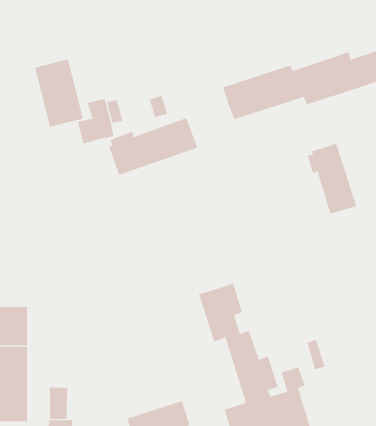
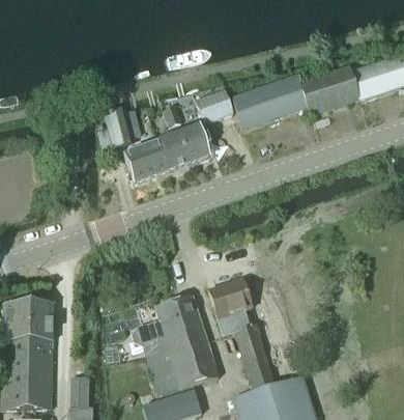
building: [35,59,83,128] -> none
building: none -> [196,88,234,122]
building: [307,143,357,214] -> none
building: none -> [139,293,220,395]

